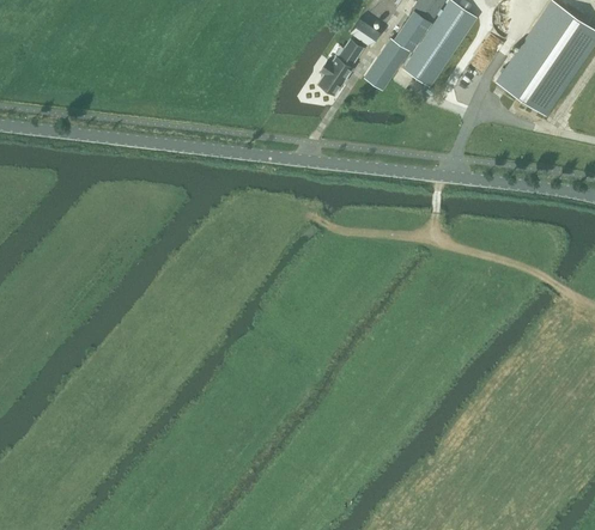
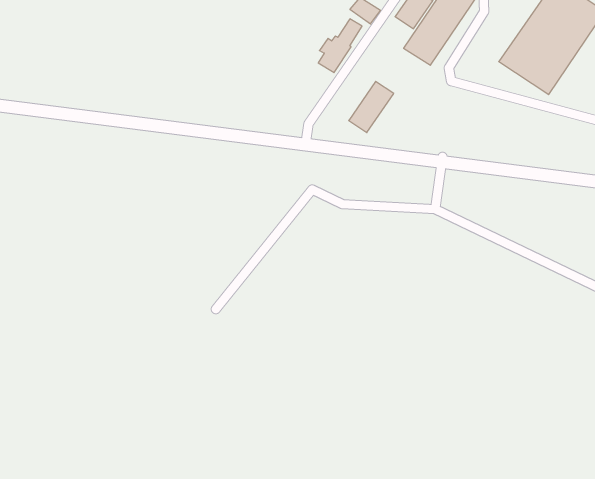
building: [363,39,407,90] -> [349,81,394,133]

